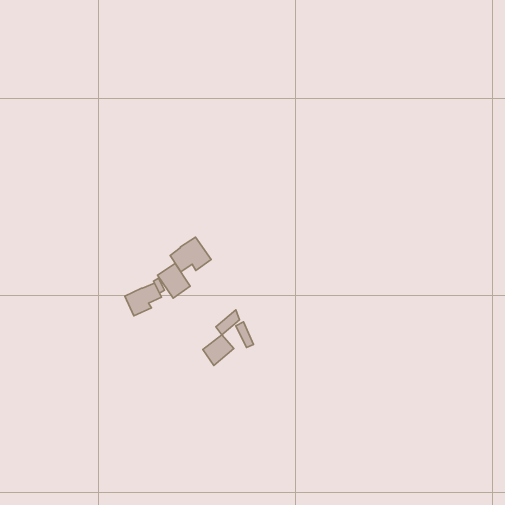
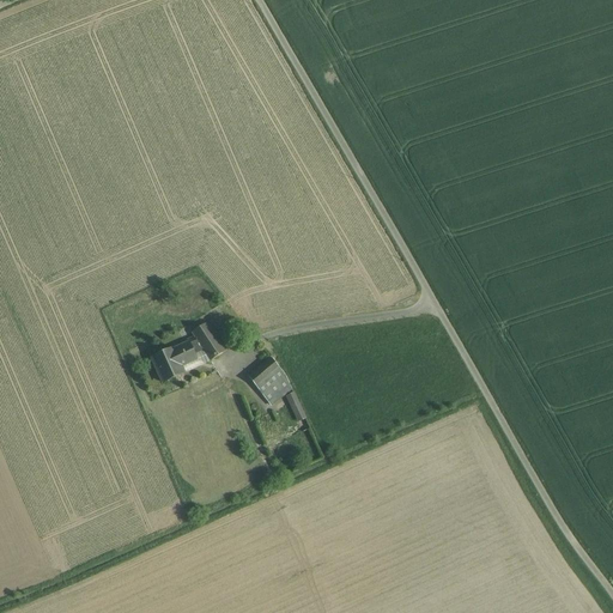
building: [170,237,211,272] -> none
building: [203,335,234,365] -> [248,358,285,395]

